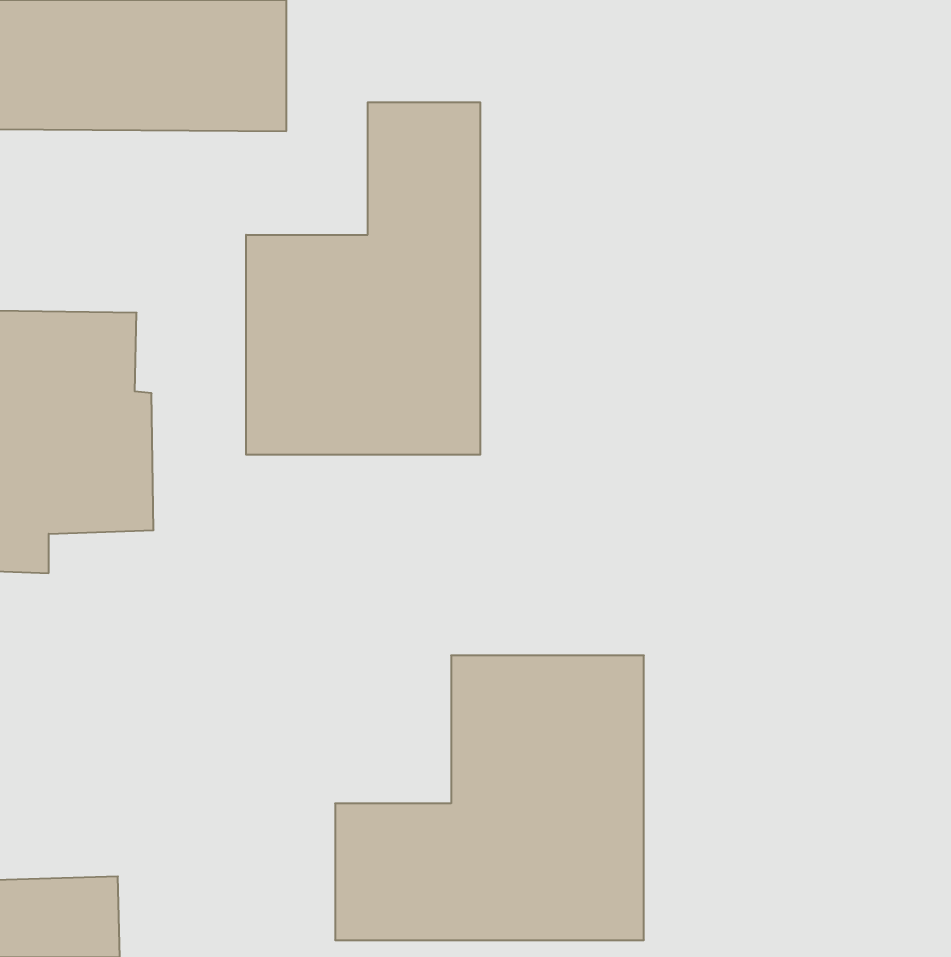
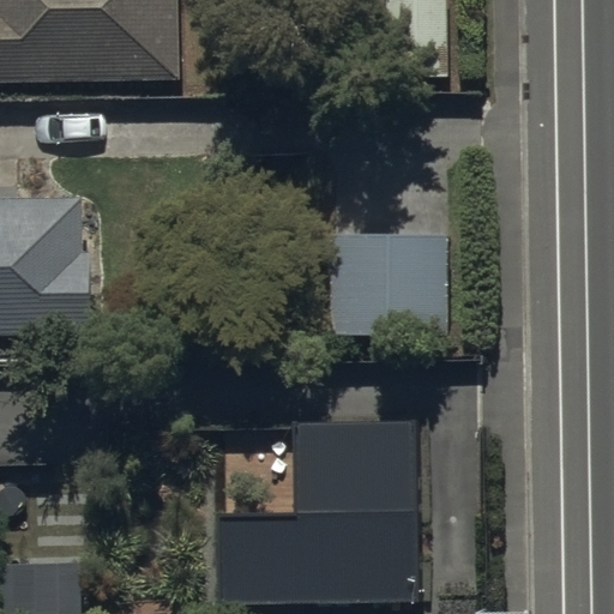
building: [246,102,480,455] -> none
building: none -> [330,235,447,335]

